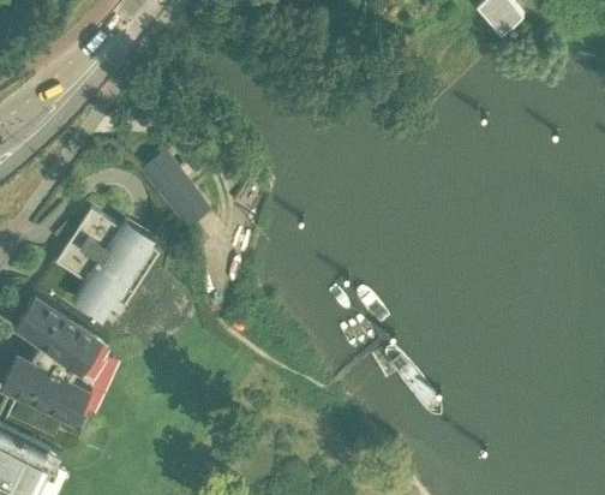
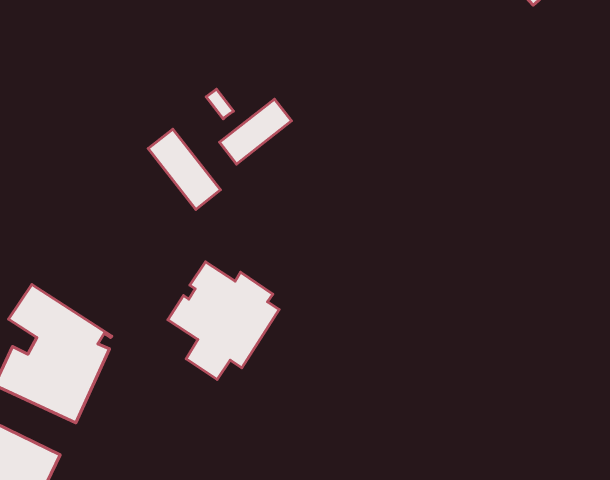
building: none -> [220,99,291,164]
building: [55,210,158,320] -> [168,262,279,379]

